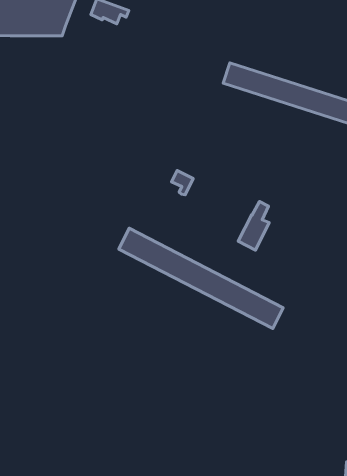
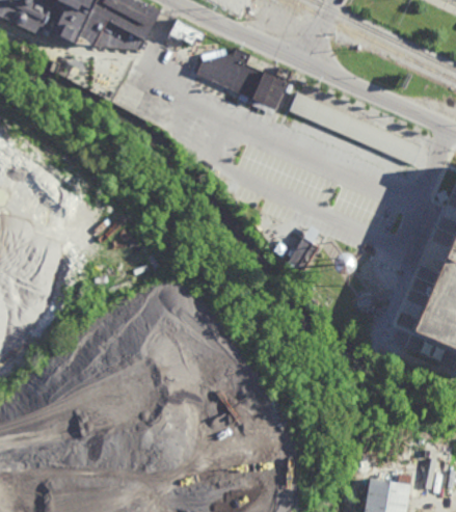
building: none -> [197,47,288,114]
building: [119,228,283,328] -> none

